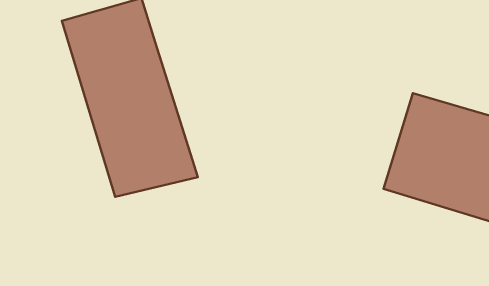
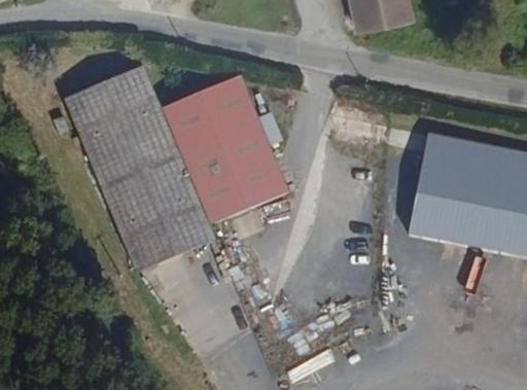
building: none -> [162,77,288,224]

